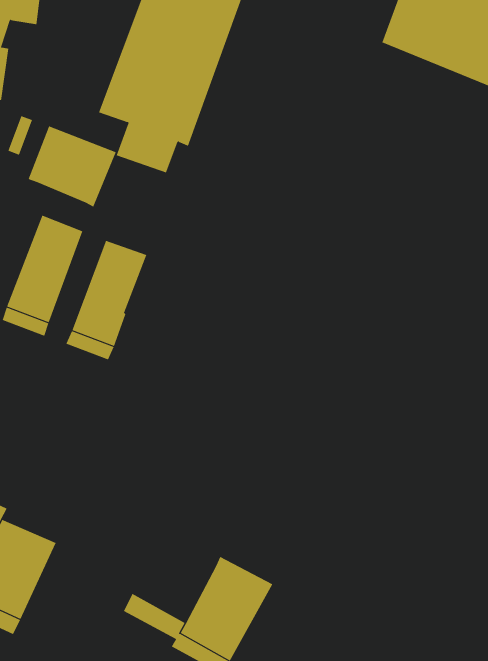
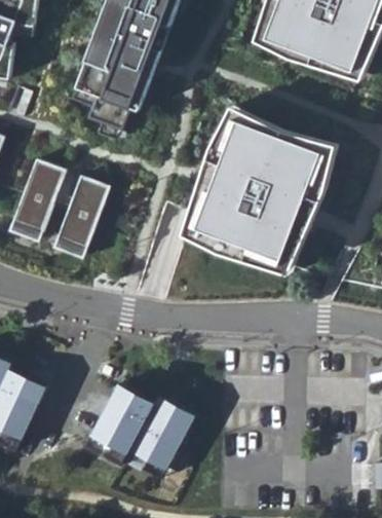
building: [28,126,116,208] -> none
building: none -> [200,117,323,257]
building: none -> [98,383,155,442]

